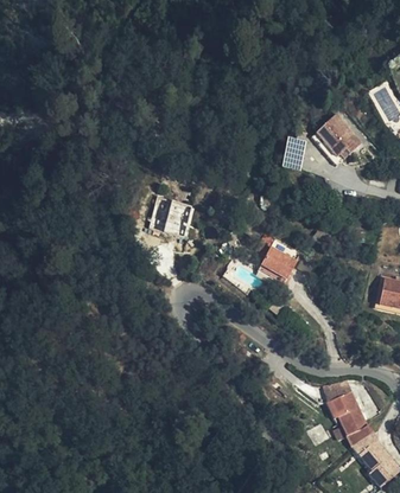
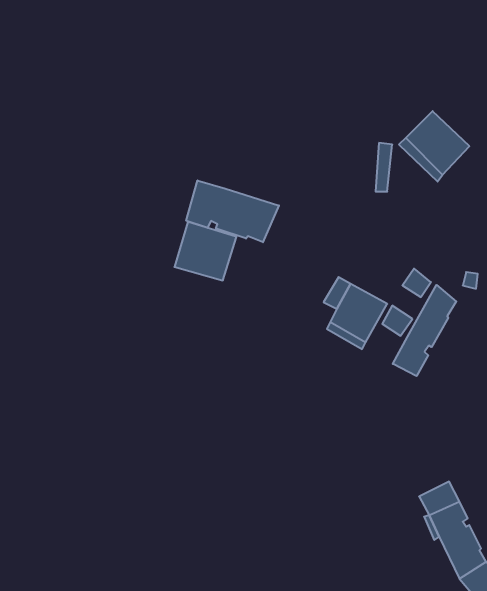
building: none -> [186,180,279,242]
building: none -> [393,285,456,376]

